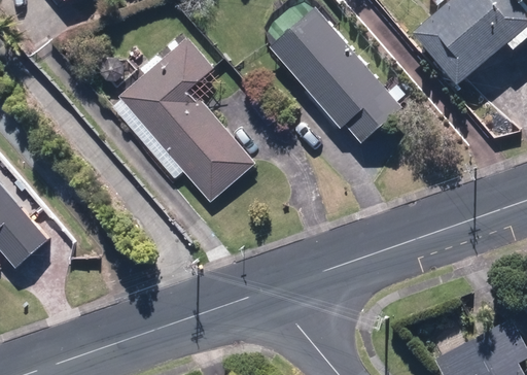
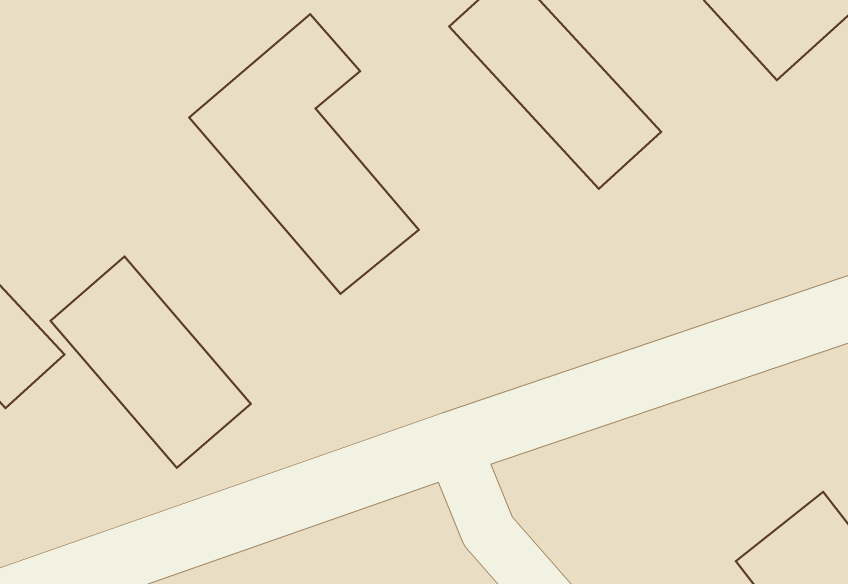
building: none -> [50,257,251,468]

